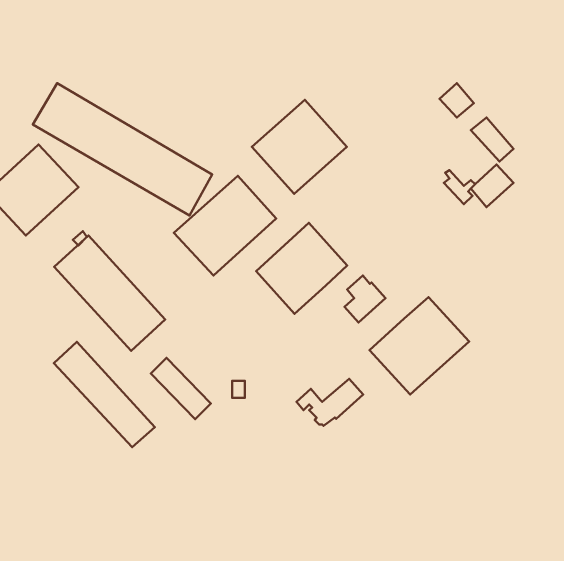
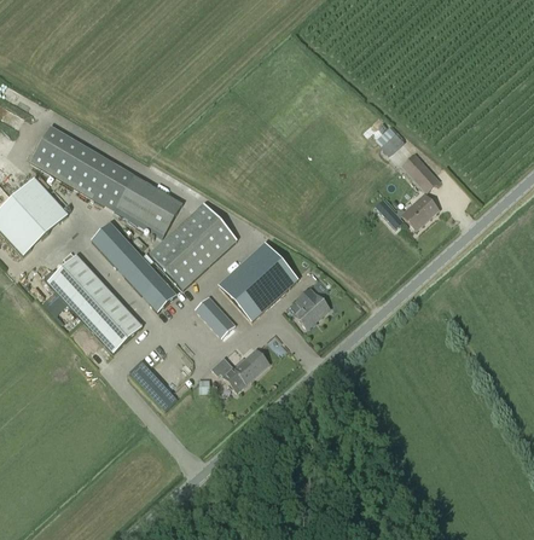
building: [252,100,347,194] -> none
building: none -> [195,296,234,337]
building: [370,297,469,394] -> none
building: [54,342,155,447] -> [91,221,176,310]
building: [296,379,363,426] -> [211,348,268,388]

